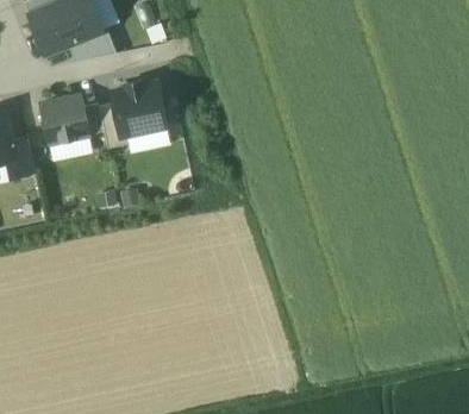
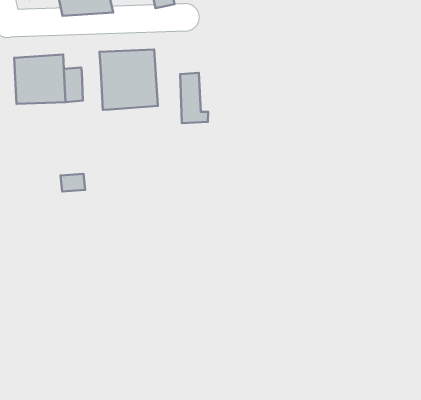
building: [99,104,129,148] -> [180,73,208,123]

